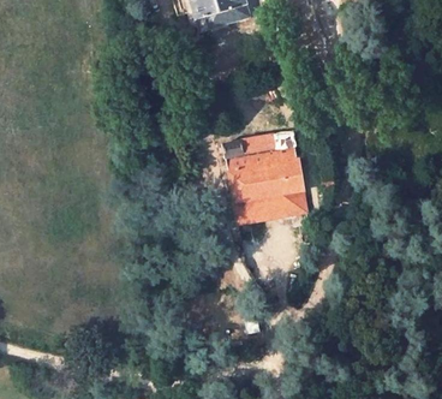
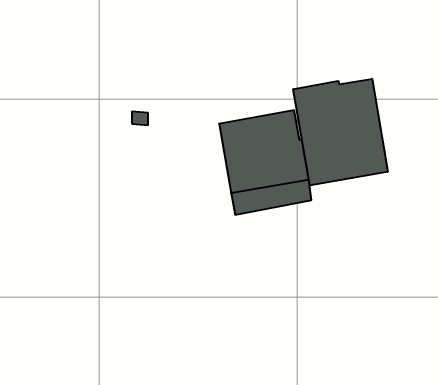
building: none -> [293,79,388,185]

